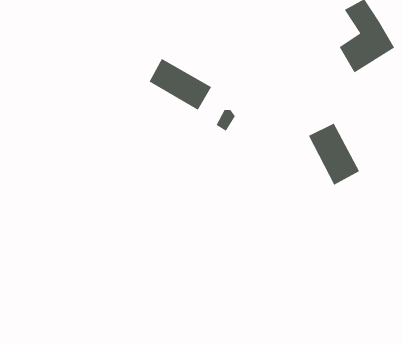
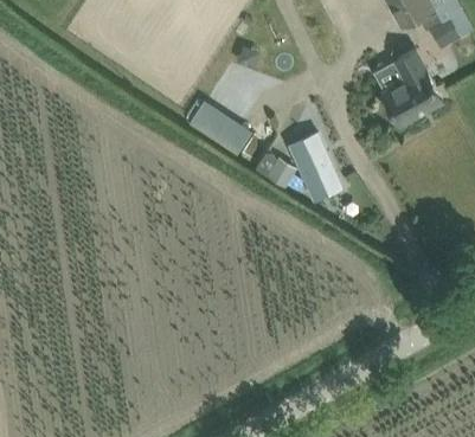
building: [308,123,360,186] -> [290,137,341,201]

